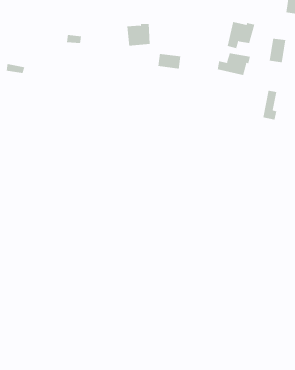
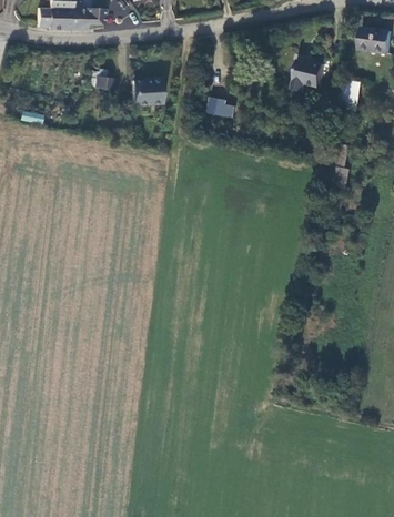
building: [127,23,150,46] -> [130,77,159,104]
building: [217,53,251,76] -> none

